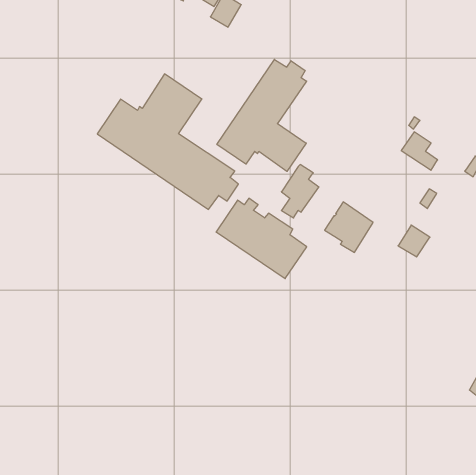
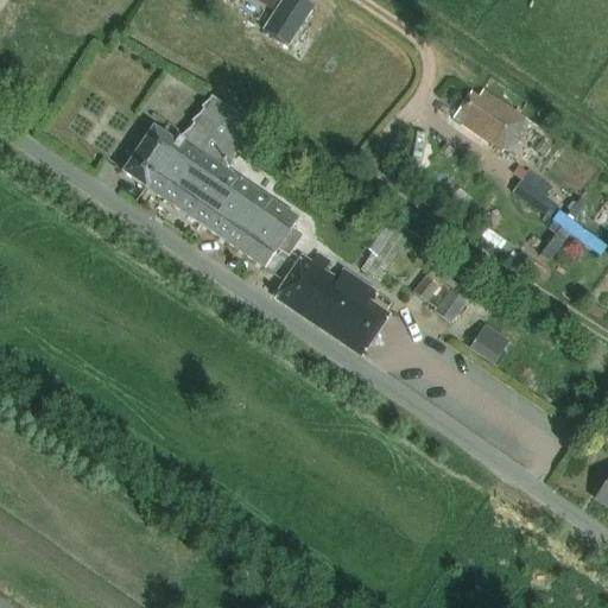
building: [217,59,307,171] -> none
building: none -> [460,89,525,150]
building: [398,225,430,257] -> [469,322,509,362]

